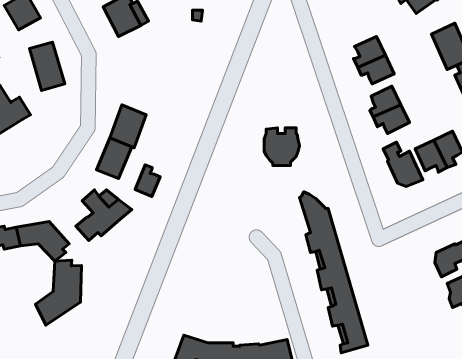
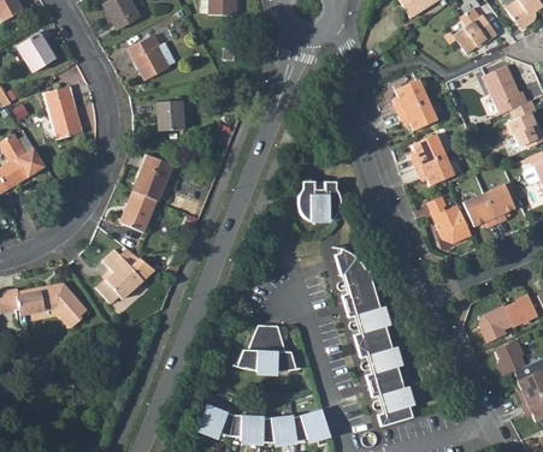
building: none -> [154,101,179,132]
building: [135,165,160,197] -> none
building: [35,260,82,325] -> none
building: none -> [240,326,296,376]

